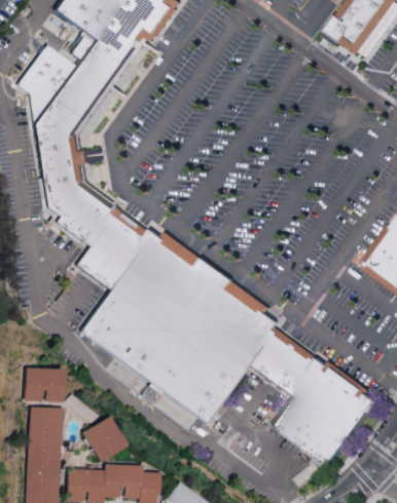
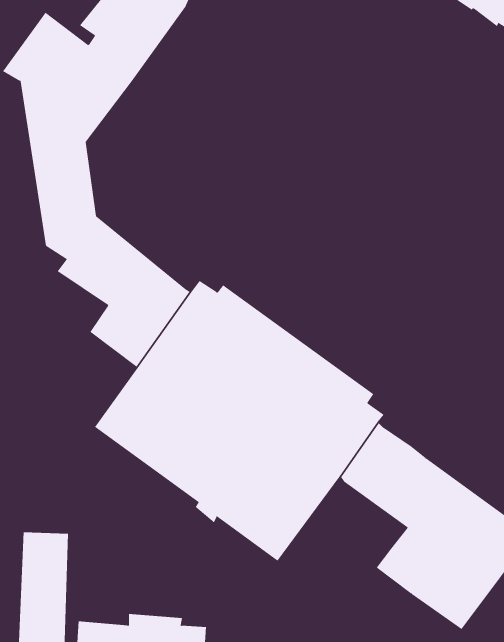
building: [25,365,63,400] -> none
building: [80,414,127,460] -> none

